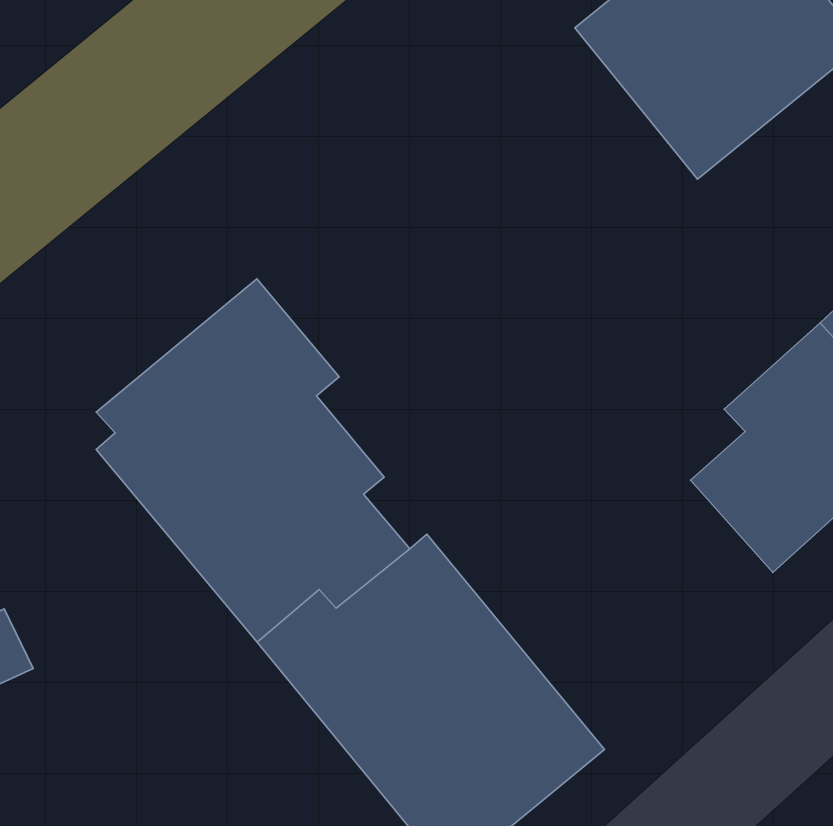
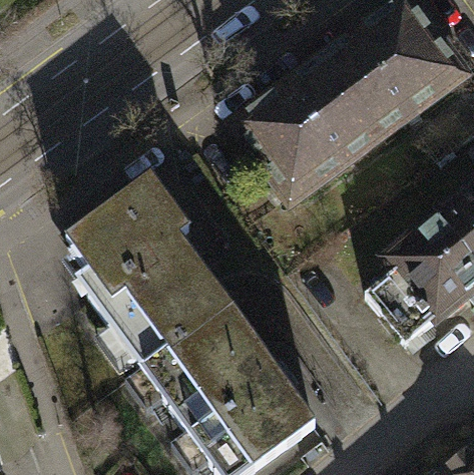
building: none -> [231,57,382,203]

